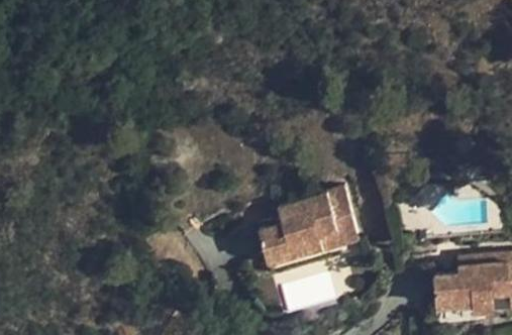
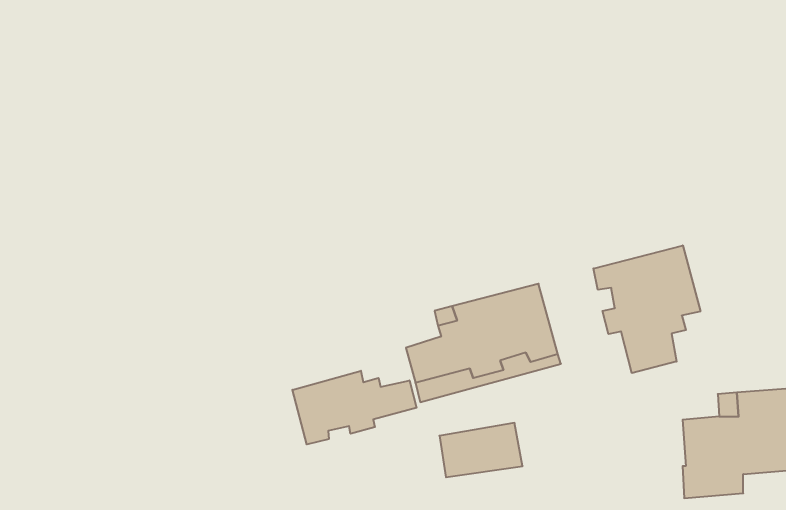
building: none -> [593,245,700,373]
building: none -> [292,371,417,444]

